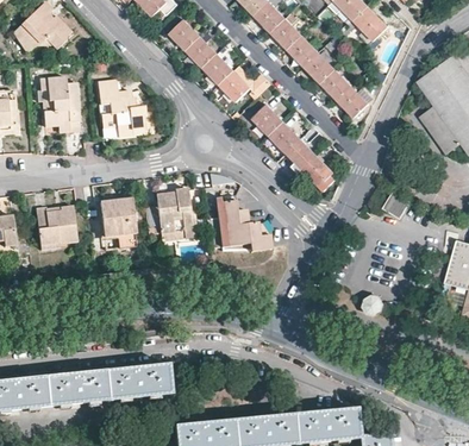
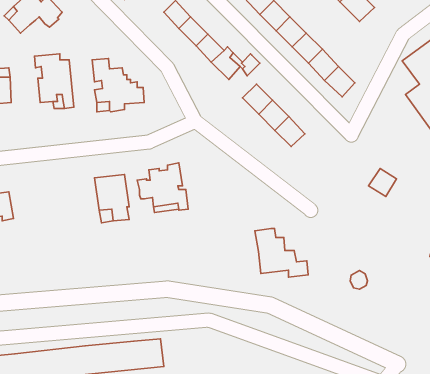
building: [302,156,333,190] -> none
building: [217,197,271,247] -> [255,228,308,277]
building: [36,205,77,243] -> none

